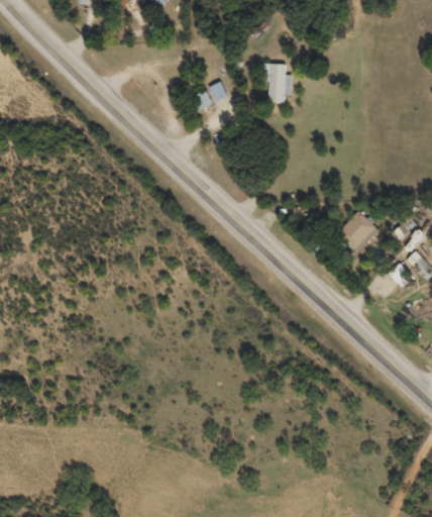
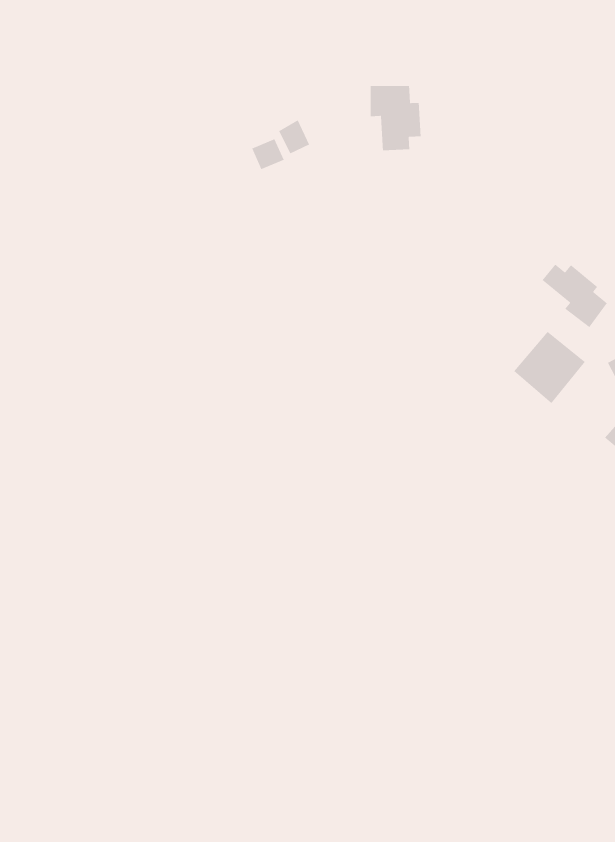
building: none -> [542,264,608,328]

